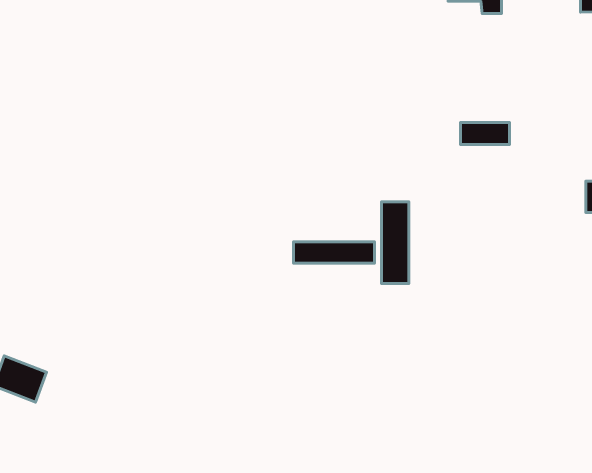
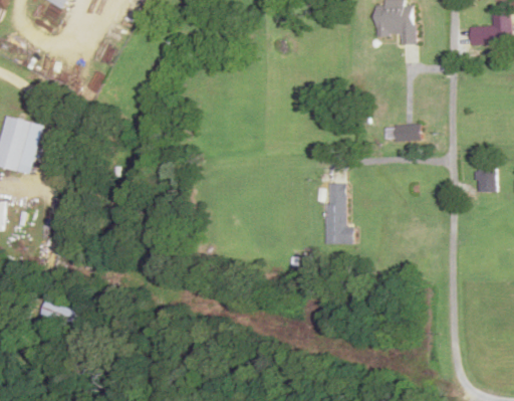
building: [294,242,375,263] -> none

